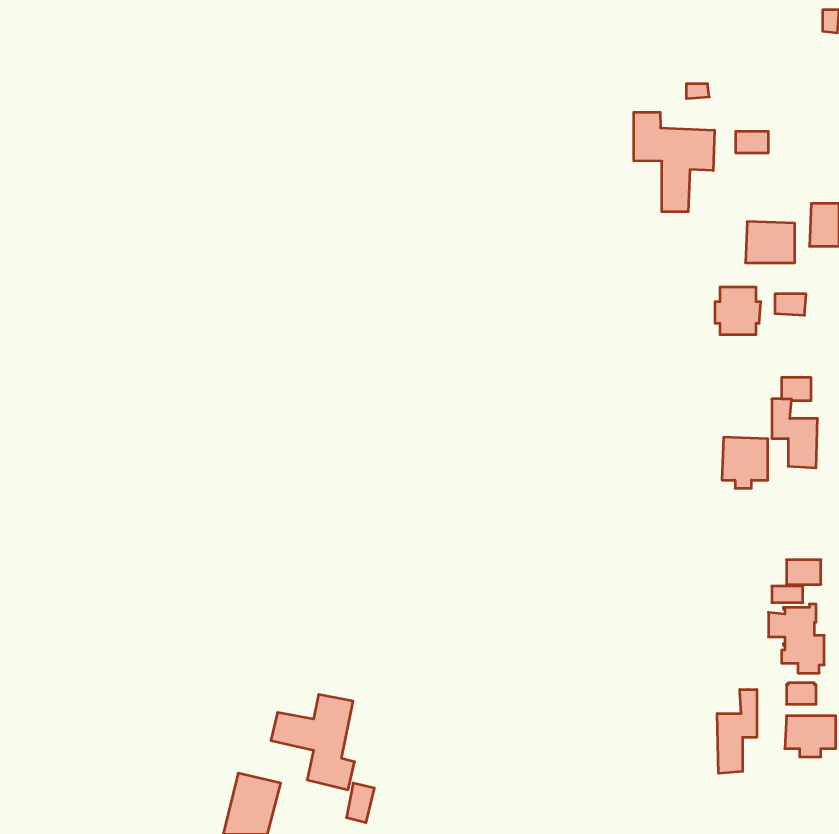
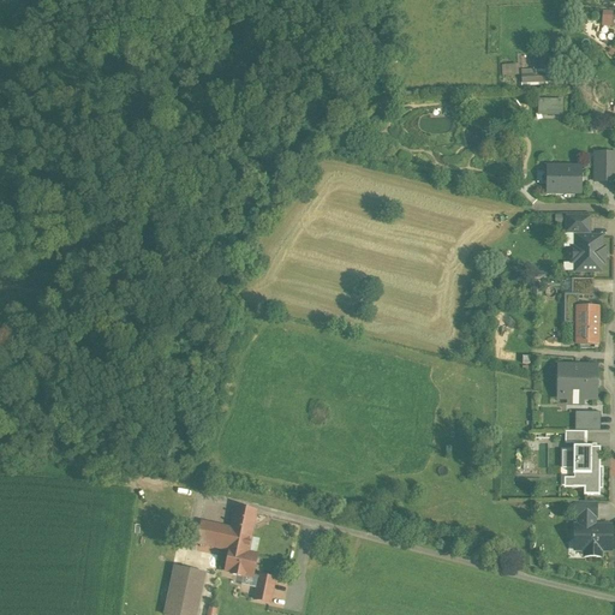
building: [634,112,714,212] -> none
building: [715,287,761,335] -> [572,234,605,269]
building: [722,437,768,488] -> [560,364,593,401]
building: [717,689,757,773] -> none

